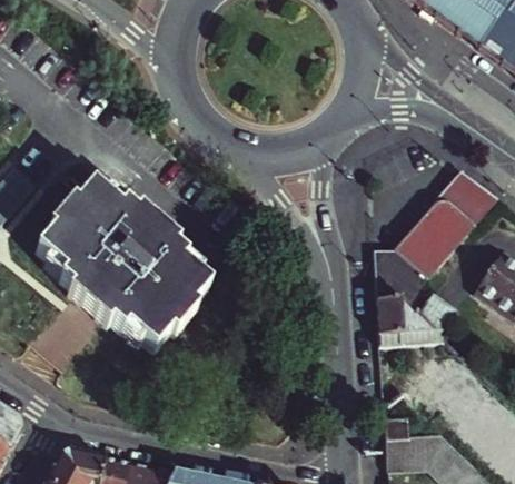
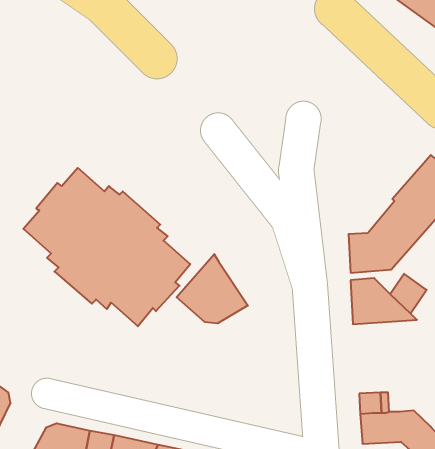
building: none -> [177,254,248,323]

